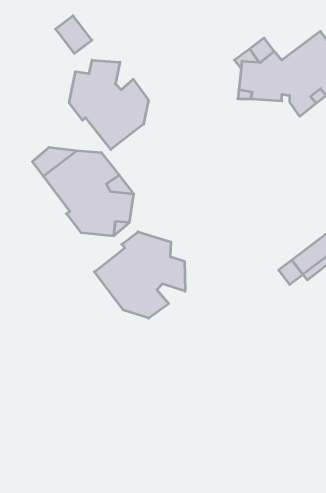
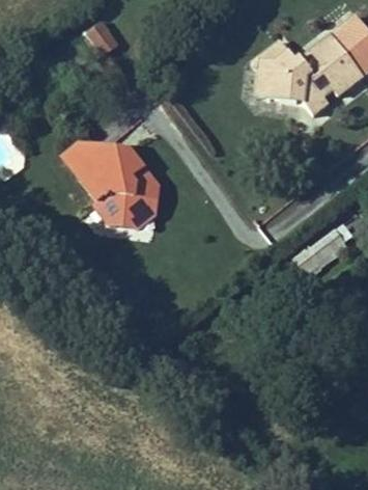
building: [69,60,149,150] -> none
building: [94,232,185,318] -> none

